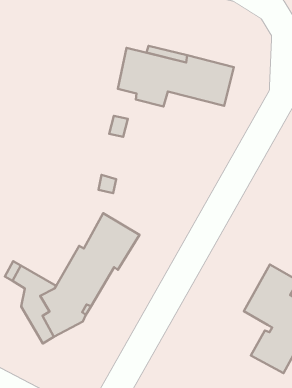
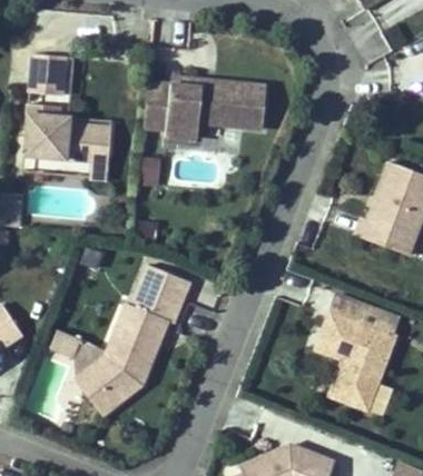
building: none -> [30,54,67,96]
building: none -> [24,103,111,161]

